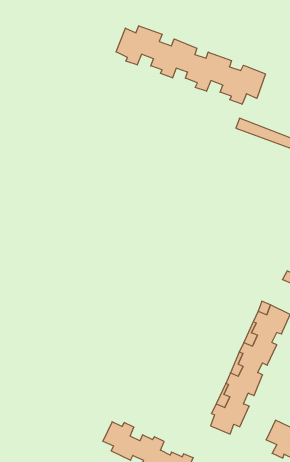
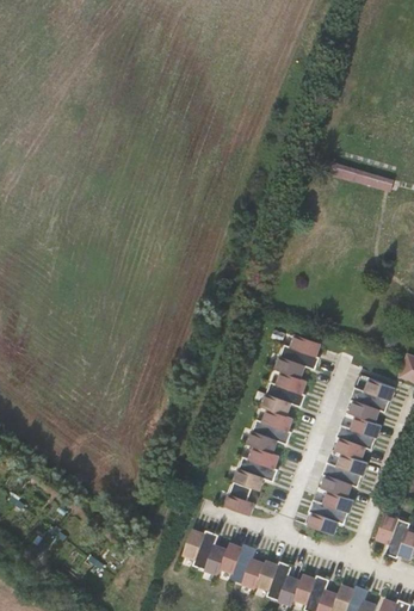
building: [116,26,265,104] -> none
building: none -> [225,334,321,516]

